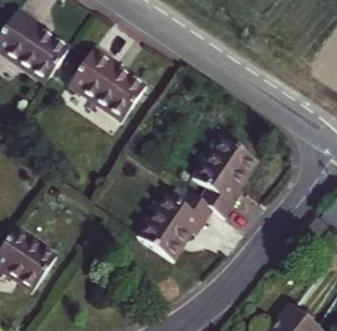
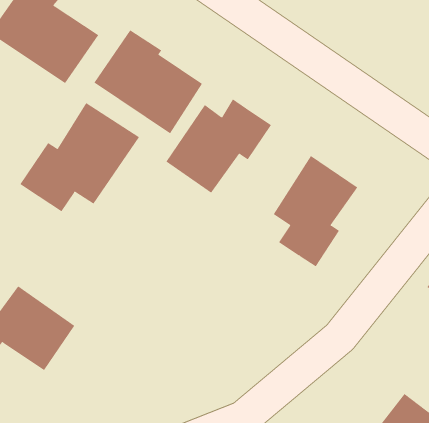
building: none -> [20,102,140,212]
building: [139,188,215,256] -> [165,99,272,194]

